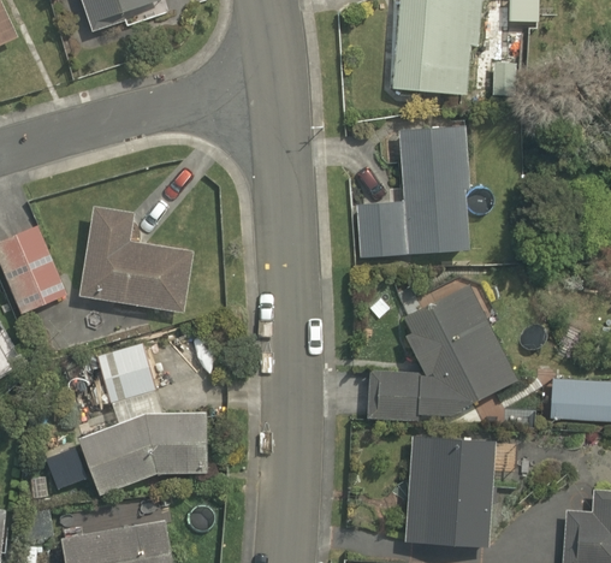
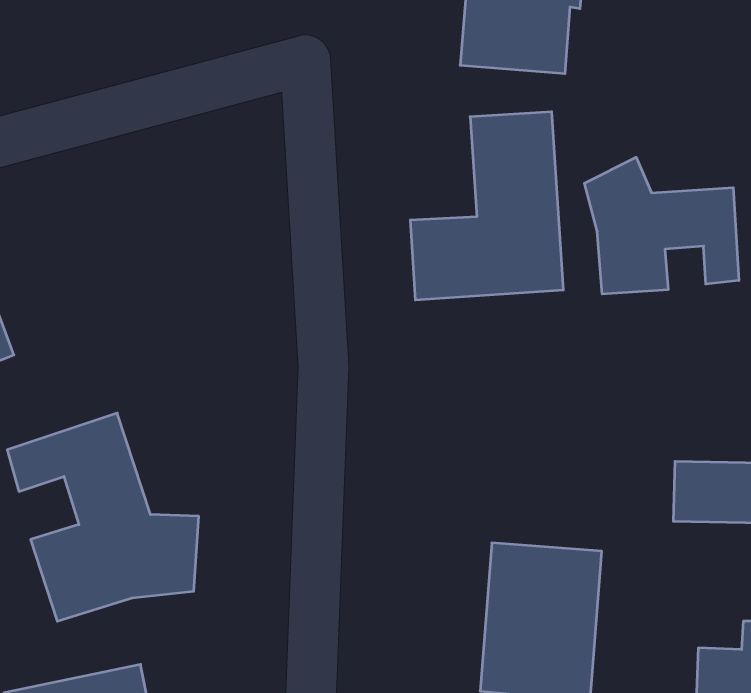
building: none -> [584,157,739,294]
building: [82,203,194,312] -> none
building: [364,279,510,419] -> none

